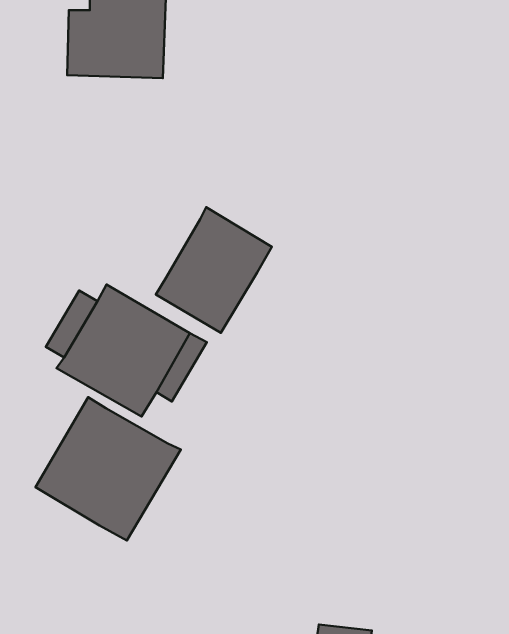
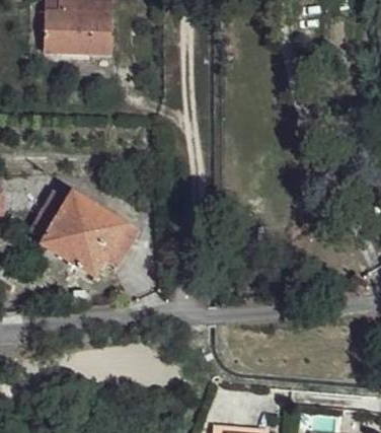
building: [156,207,272,333] -> none
building: [36,397,181,540] -> none

